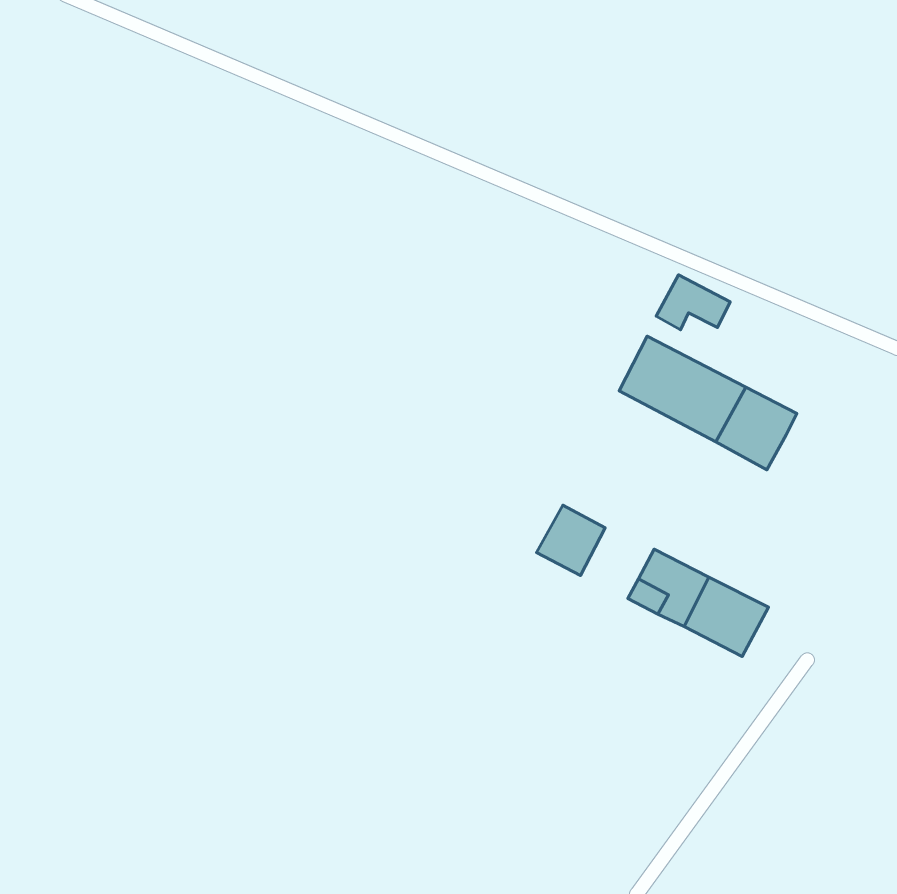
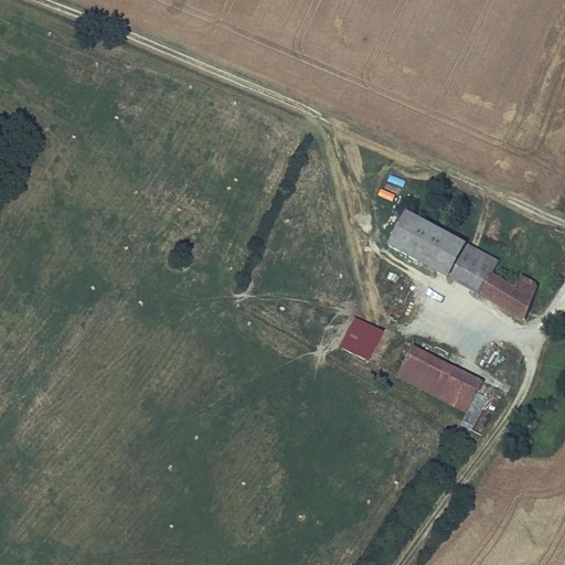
building: [656,275,730,330] -> none
building: none -> [481,273,540,320]

